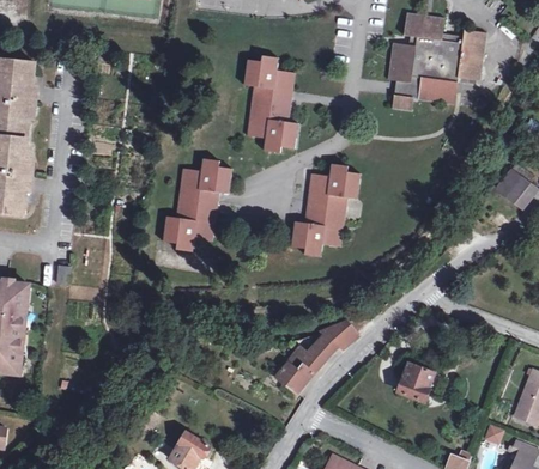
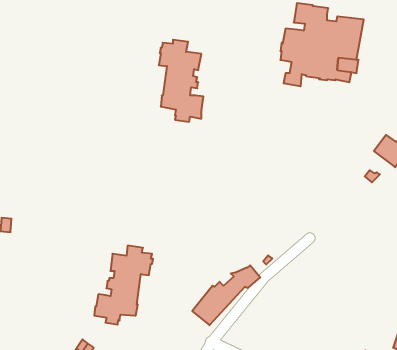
building: [161,158,230,251] -> [94,246,153,325]
building: [289,163,358,256] -> none
building: [394,361,446,400] -> none

